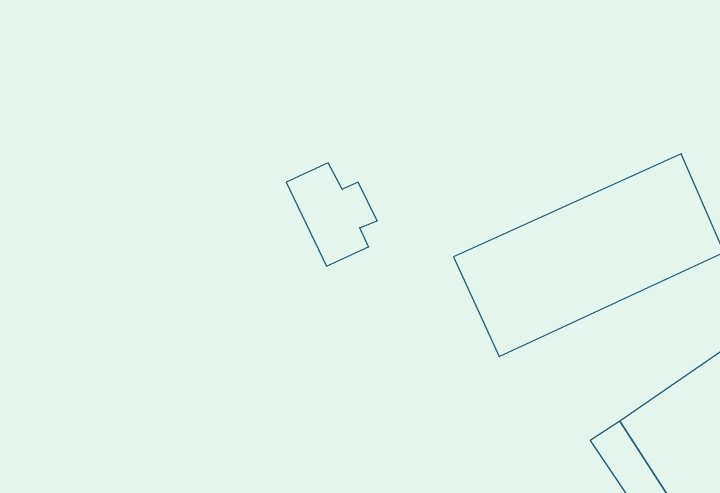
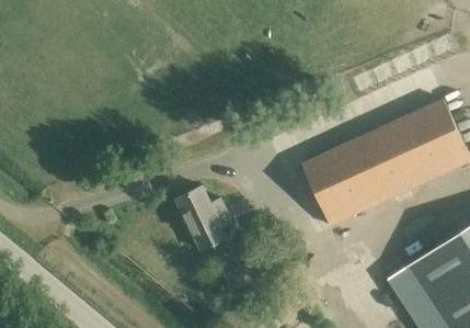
building: [286,163,377,266] -> [175,186,232,251]

